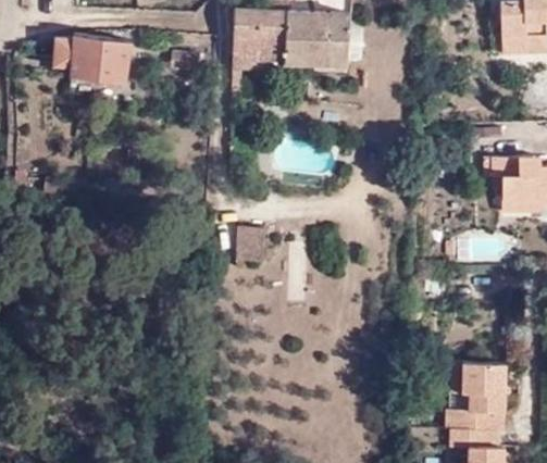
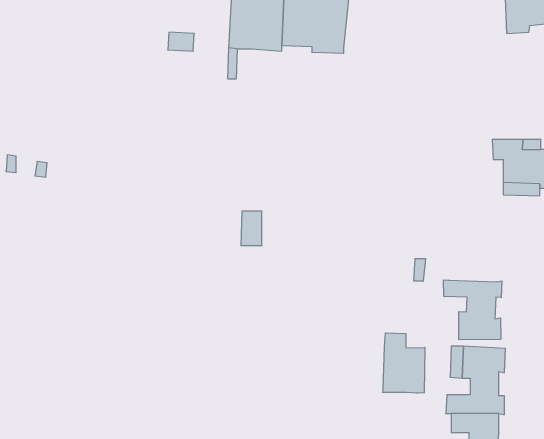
building: [55,34,128,83] -> none
building: none -> [443,280,502,340]
building: none -> [383,333,425,393]

